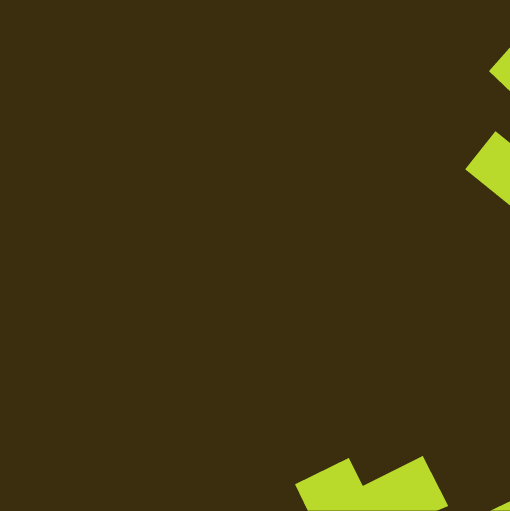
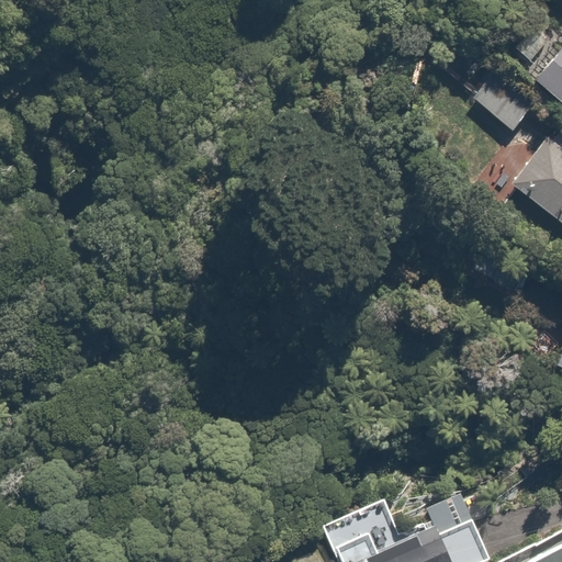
building: none -> [471,77,536,138]

